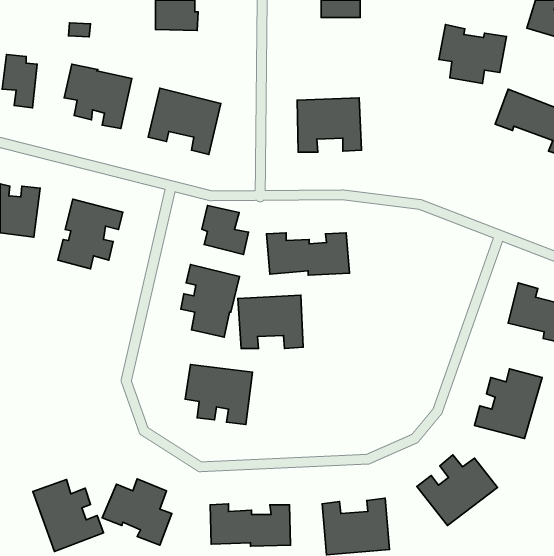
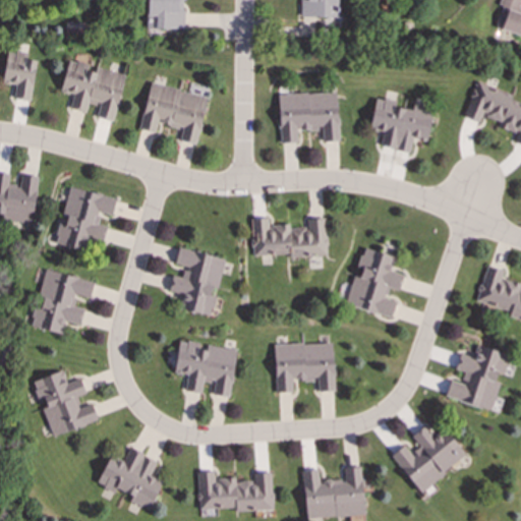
building: [439,25,506,83] -> [371,97,435,152]
building: [202,206,249,255] -> none
building: none -> [348,247,405,317]
building: none -> [33,270,96,333]
building: [238,295,303,348] -> [275,342,336,392]
building: [33,480,104,551] -> [33,369,99,437]

